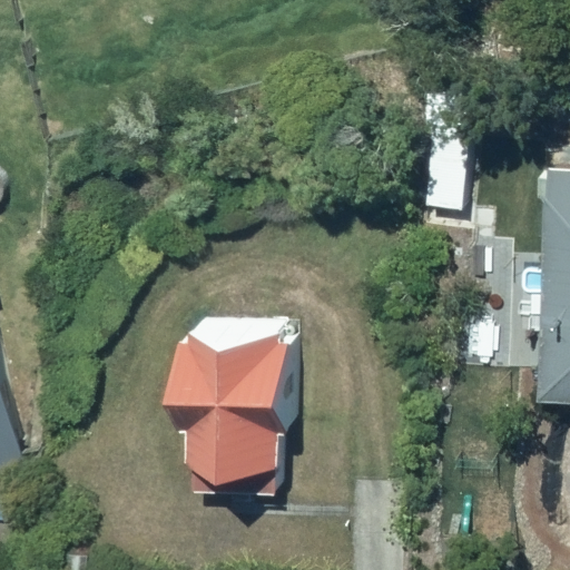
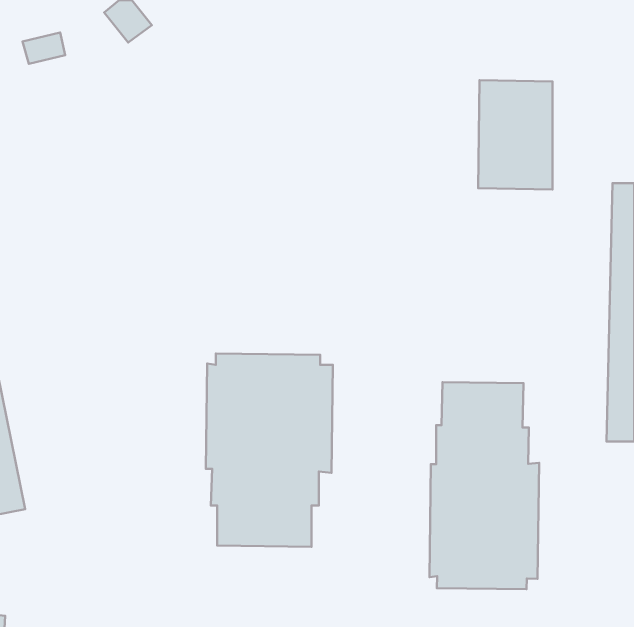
building: none -> [430,382,539,589]

